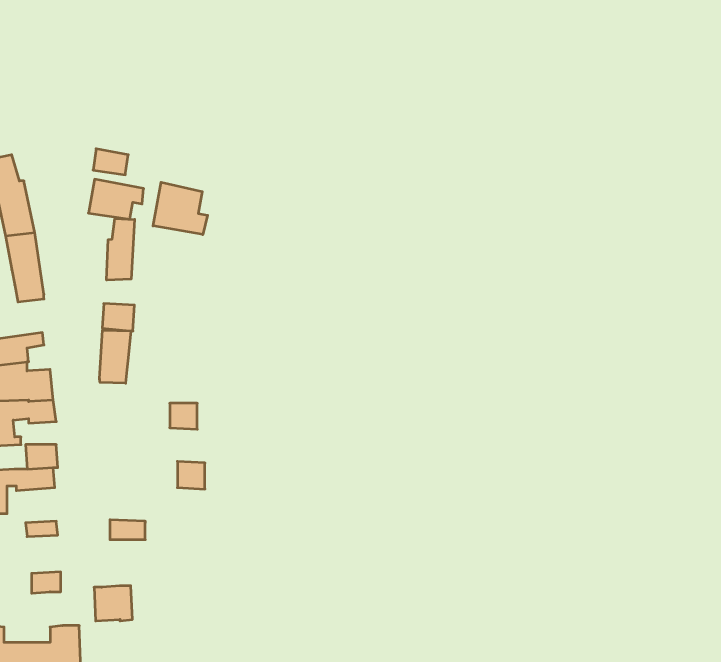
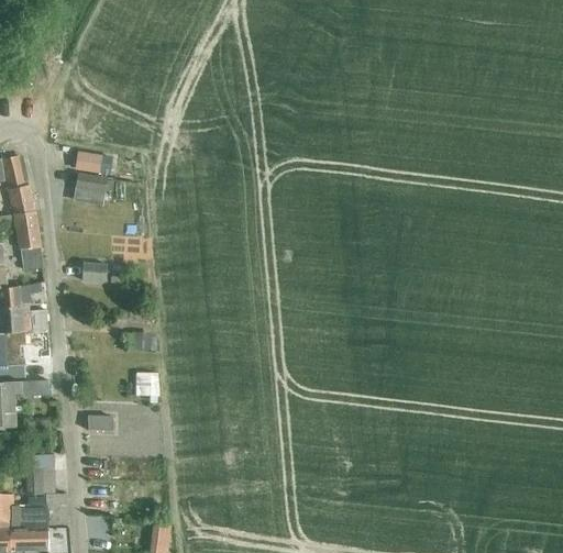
building: [153,182,208,235] -> none
building: [107,219,135,280] -> none
building: [100,330,131,383] -> none
building: [94,586,132,621] -> [26,469,54,495]

